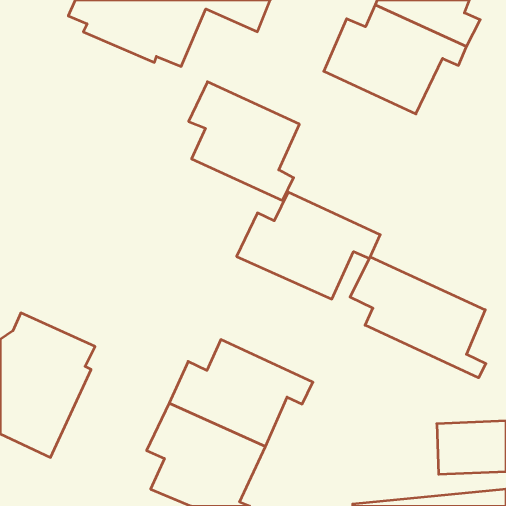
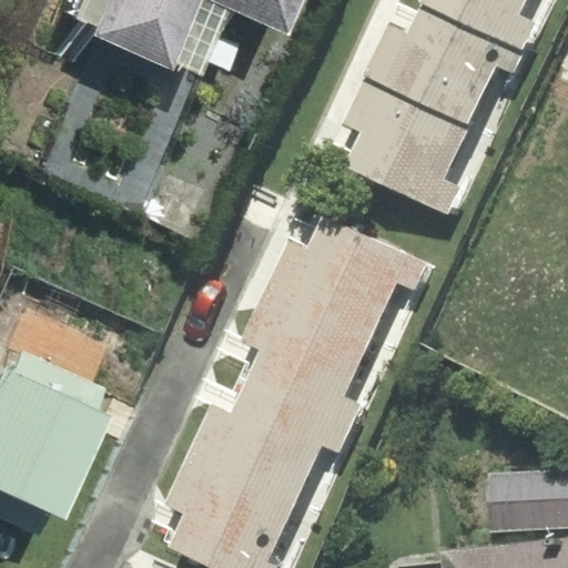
building: [189,82,299,201] -> [342,80,466,213]
building: none -> [242,287,372,428]
building: [350,257,486,378] -> none

